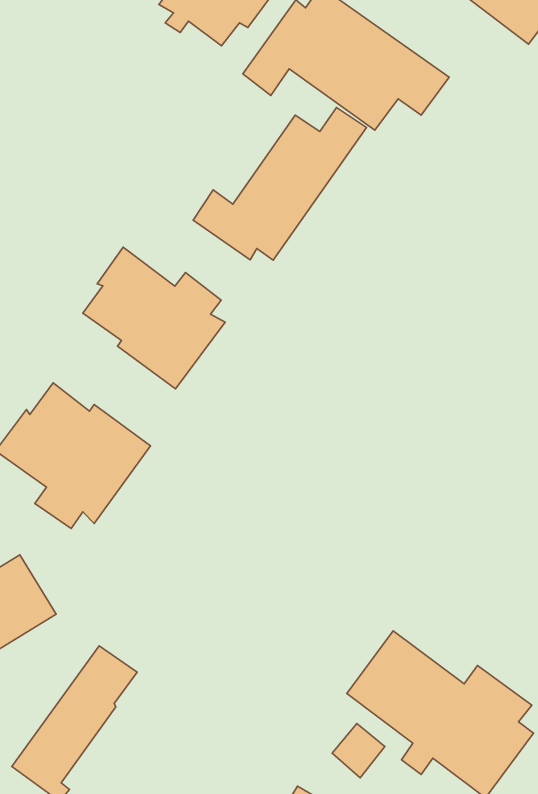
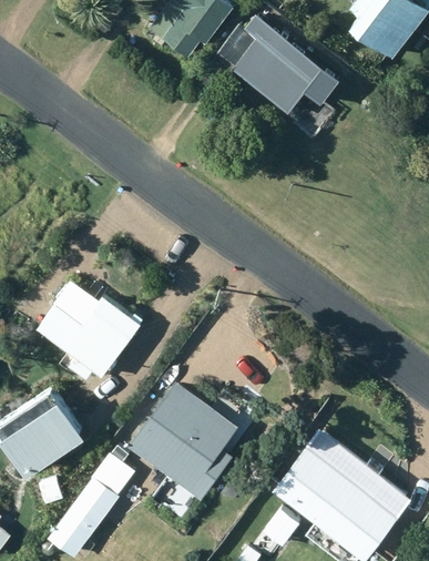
building: [193,108,367,260] -> none
building: [83,247,225,389] -> none
building: none -> [130,379,239,487]

